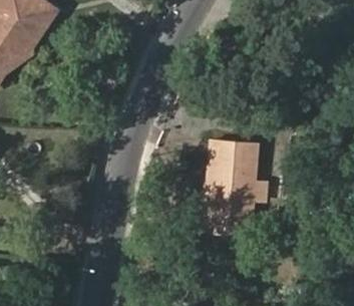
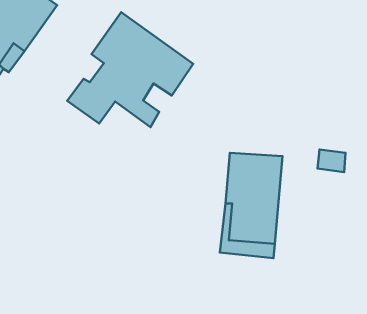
building: none -> [67,12,193,127]

